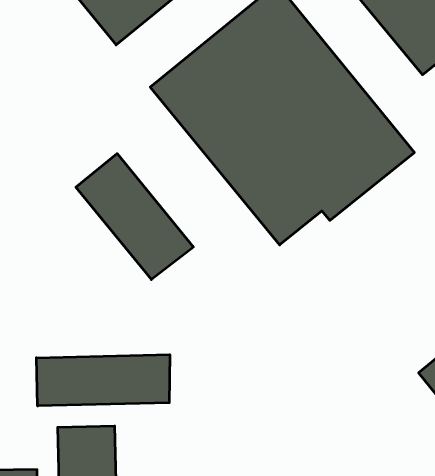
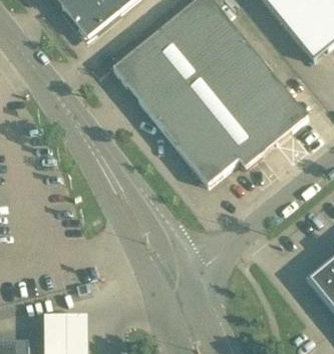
building: [76,154,193,280] -> none
building: [36,355,170,406] -> none

